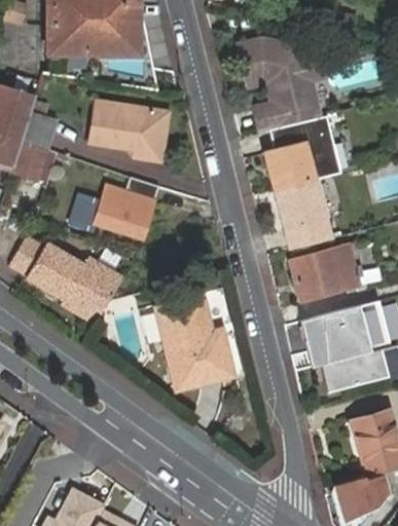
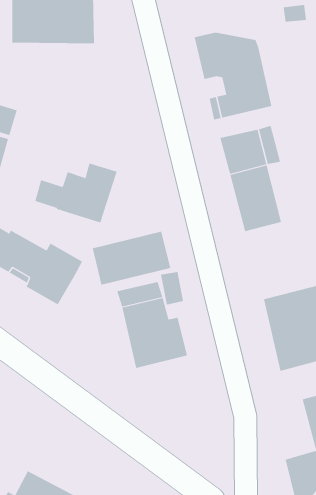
building: [88,103,165,163] -> none
building: [293,242,359,299] -> none
building: none -> [92,231,171,286]

